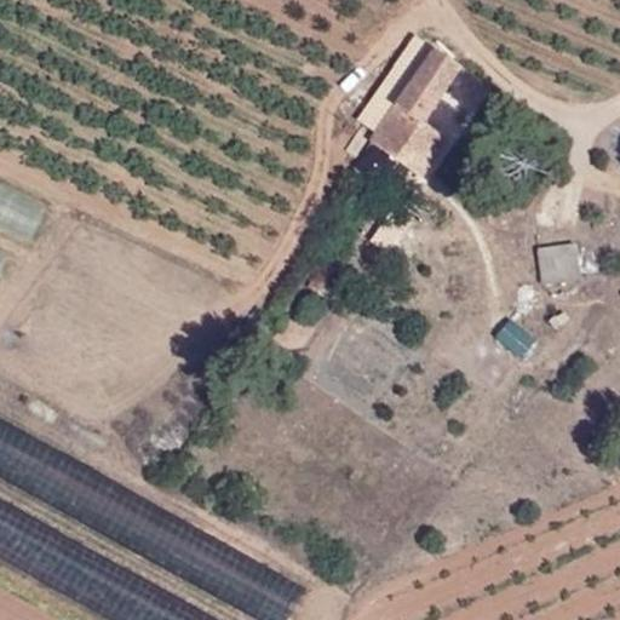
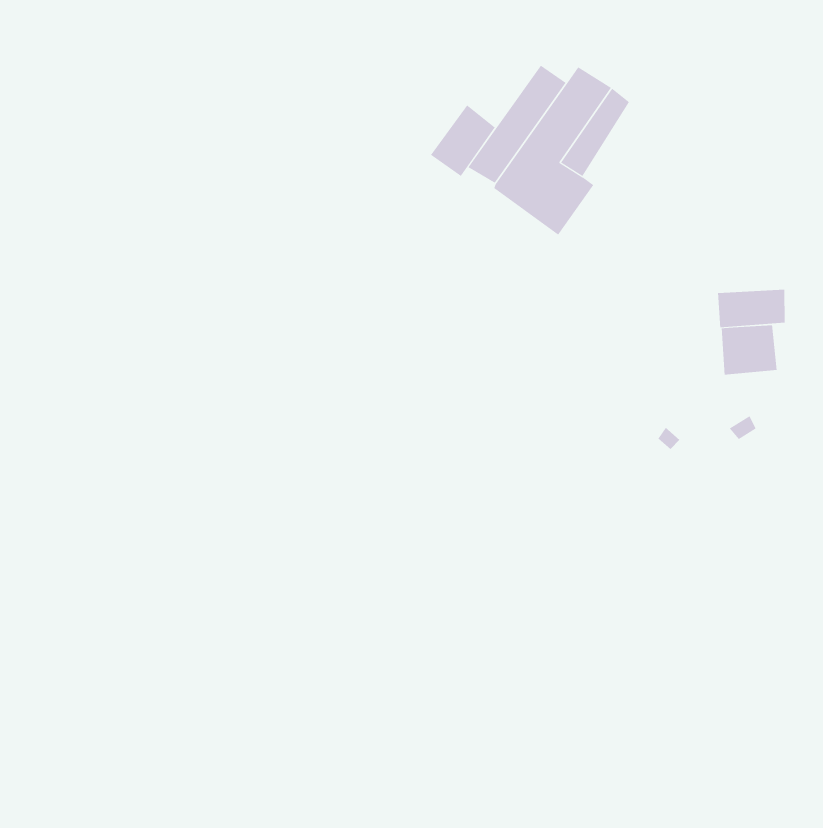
building: none -> [430,105,496,177]
building: none -> [717,289,785,328]

